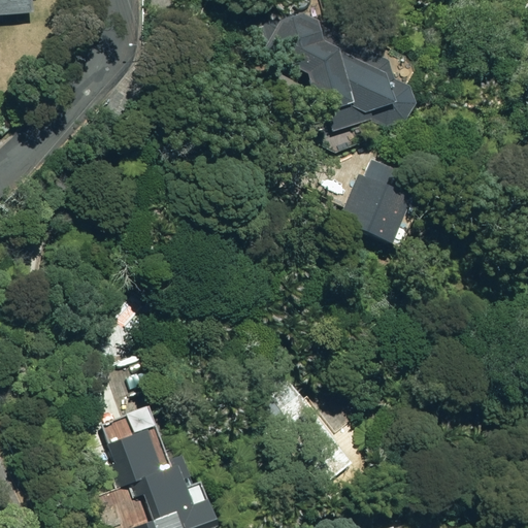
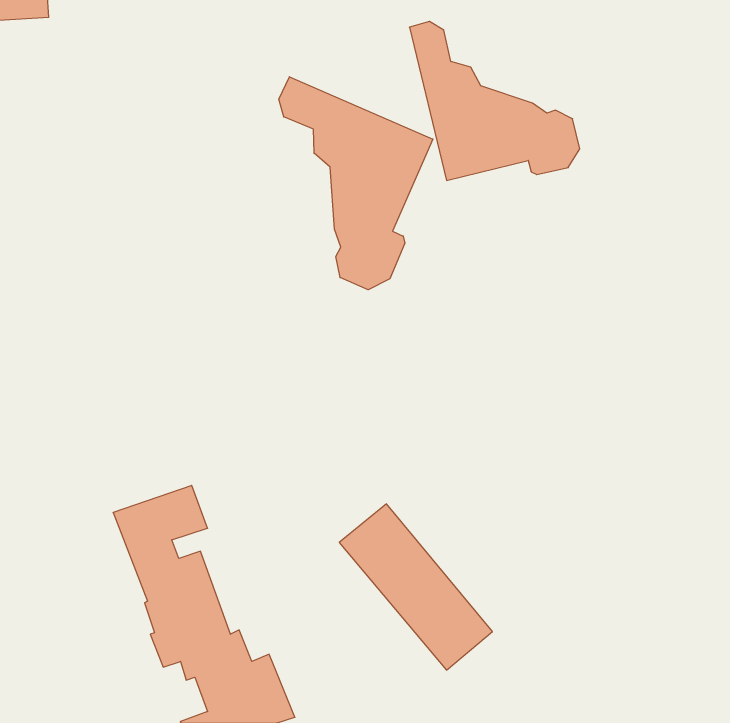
building: none -> [279,77,433,290]
building: [339,155,417,244] -> none

